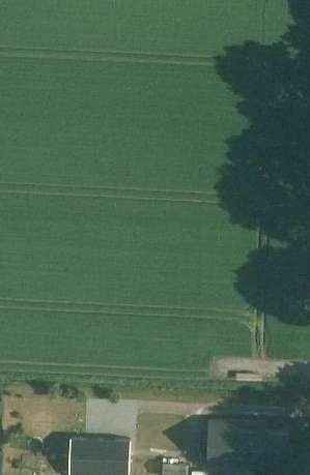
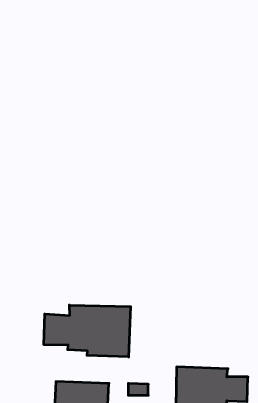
building: none -> [44,305,131,357]

